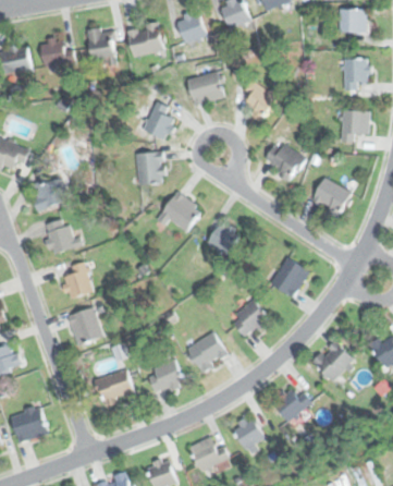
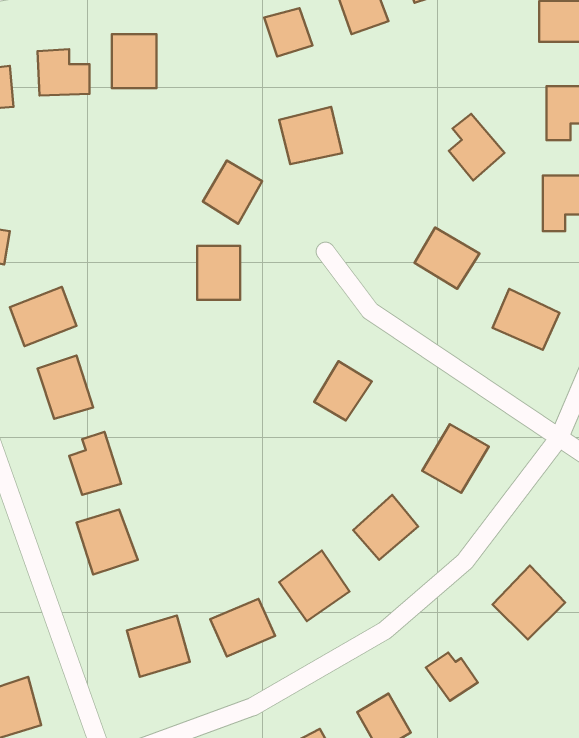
building: [126,23,162,57] -> none
building: [243,81,275,120] -> [449,114,505,181]
building: [160,191,201,231] -> none

